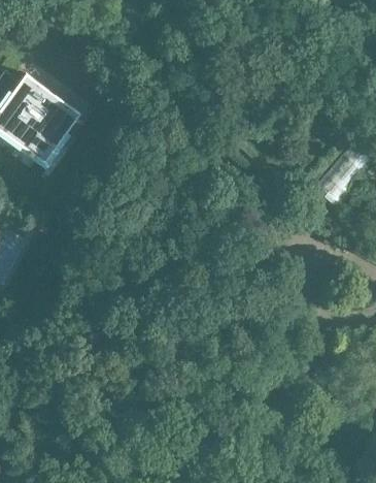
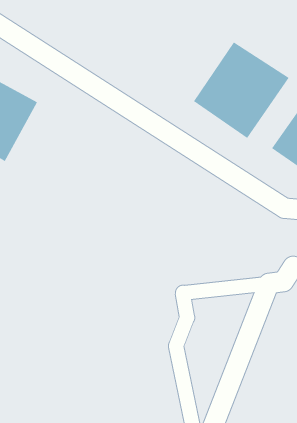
building: none -> [193,42,290,139]

